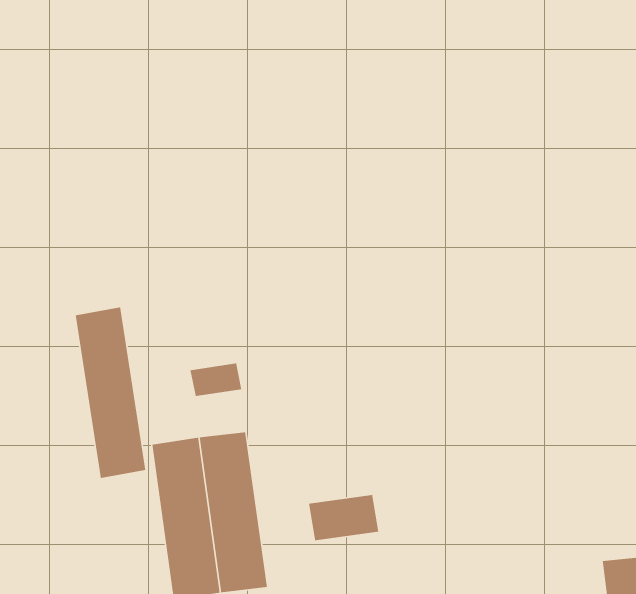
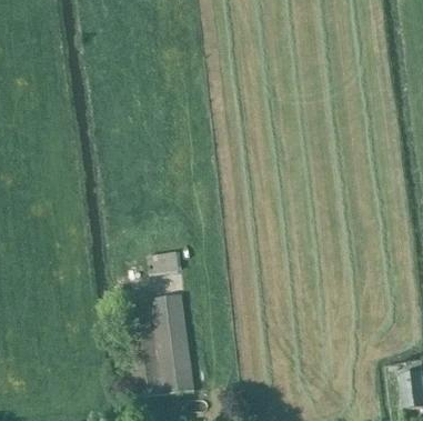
building: [75,307,146,479] -> none
building: [308,494,379,541] -> none

